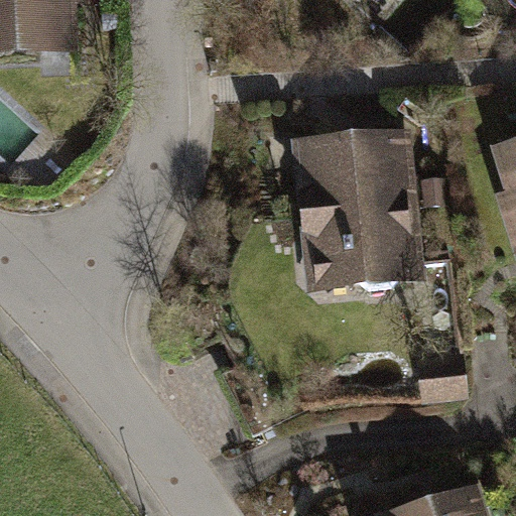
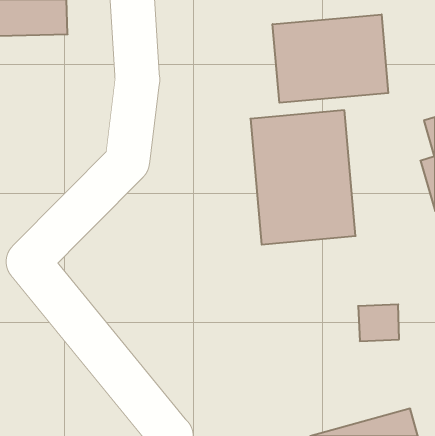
building: none -> [273,14,388,103]

